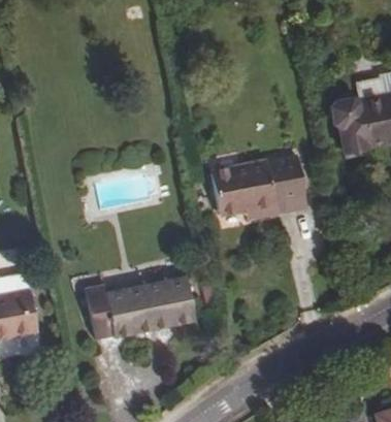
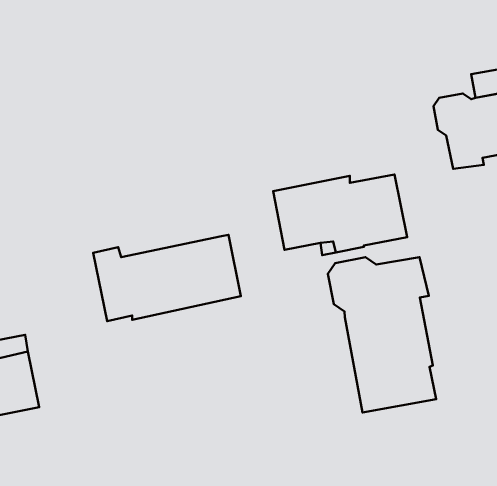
building: none -> [328,257,436,412]
building: [86,277,195,340] -> [93,235,241,321]

